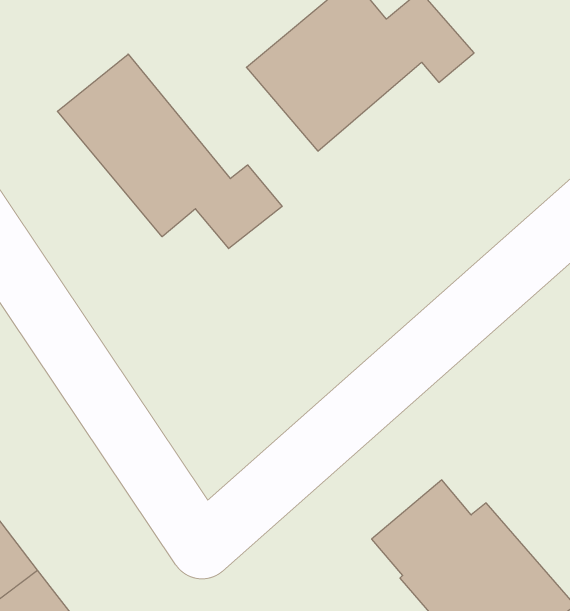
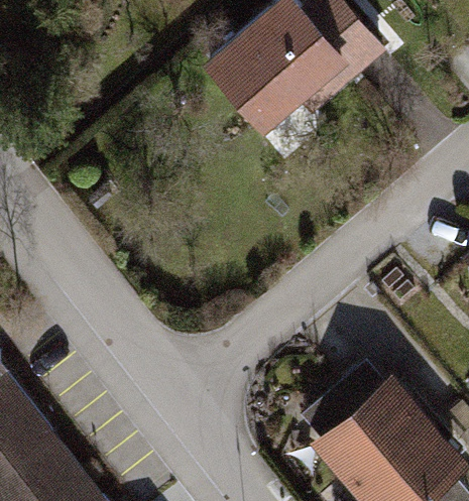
building: [57,54,282,249] -> none

